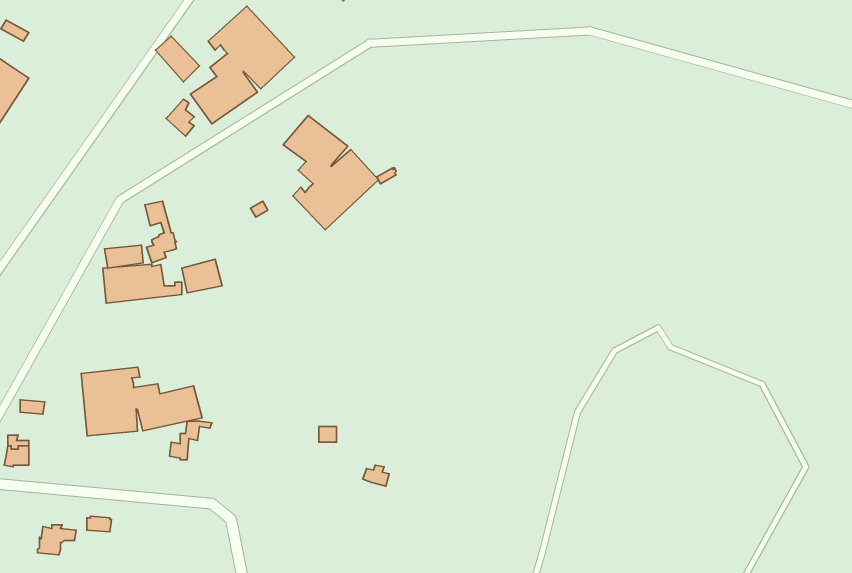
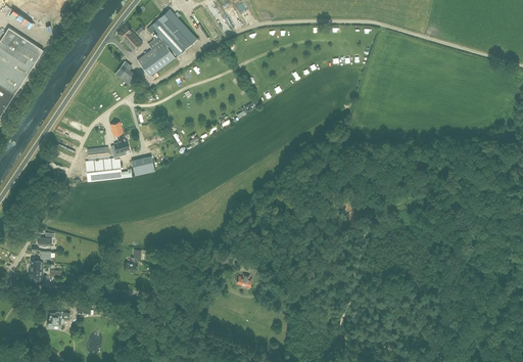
building: [283,116,379,230] -> none
building: [81,367,202,436] -> none

